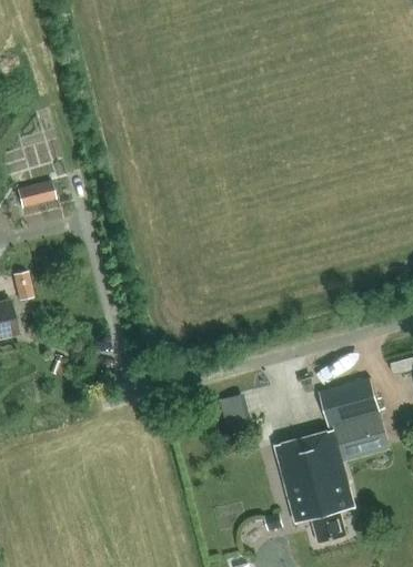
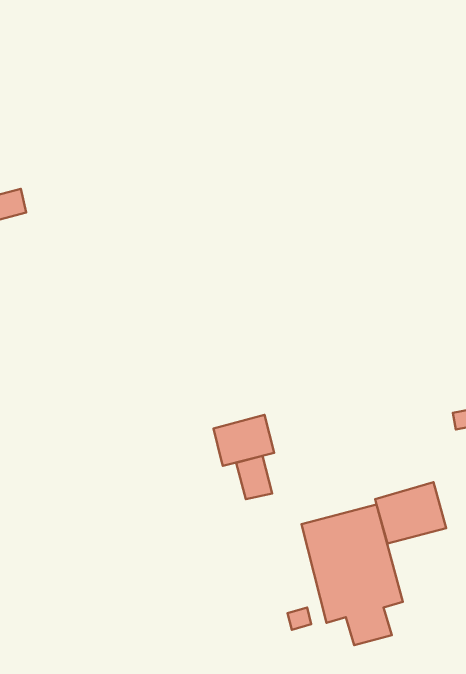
building: none -> [214,415,274,466]
building: [316,377,379,427] -> none

